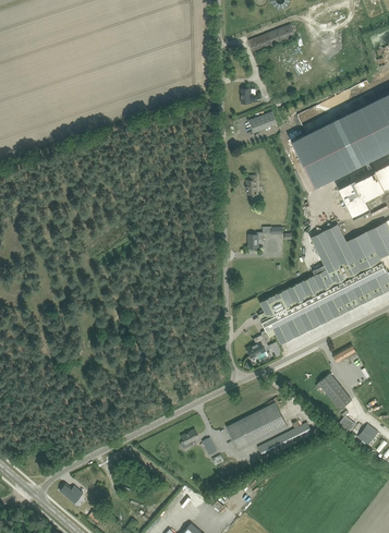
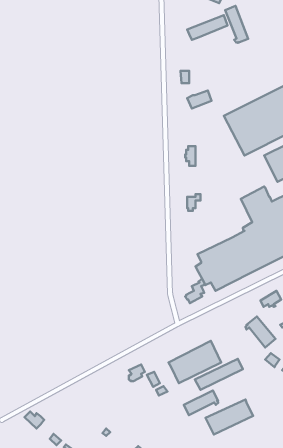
building: none -> [225,6,248,43]
building: none -> [184,390,218,415]
building: none -> [205,399,253,435]

